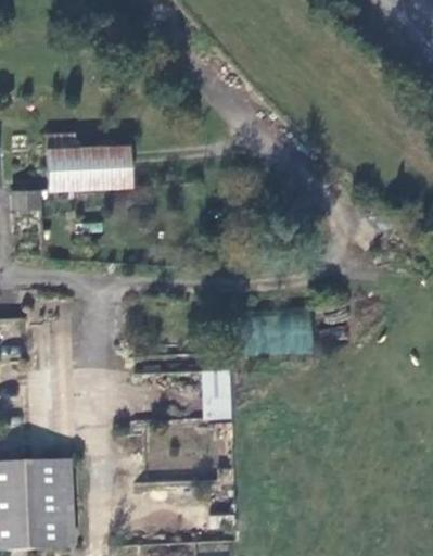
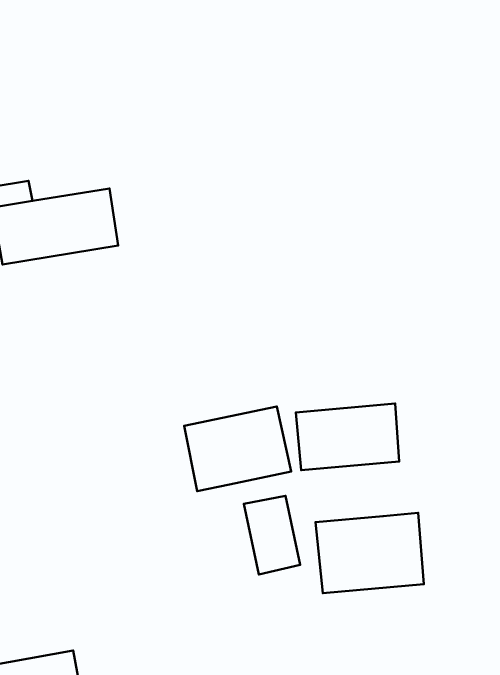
building: none -> [184,407,291,491]
building: none -> [316,513,424,593]

